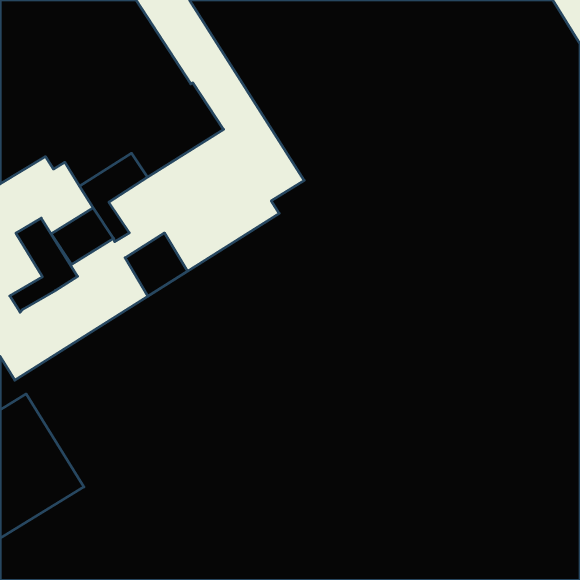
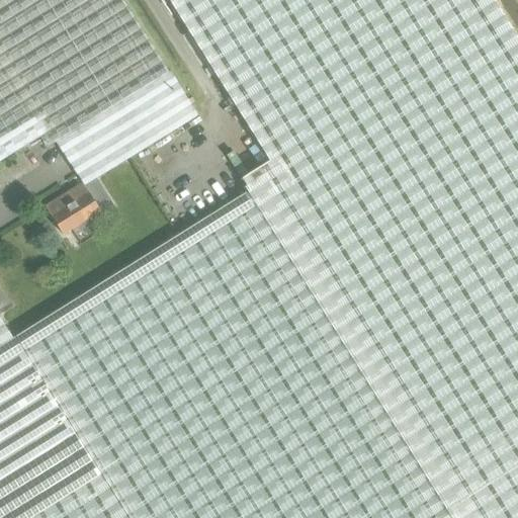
building: [10,218,78,312] -> none
building: [125,233,187,296] -> none

